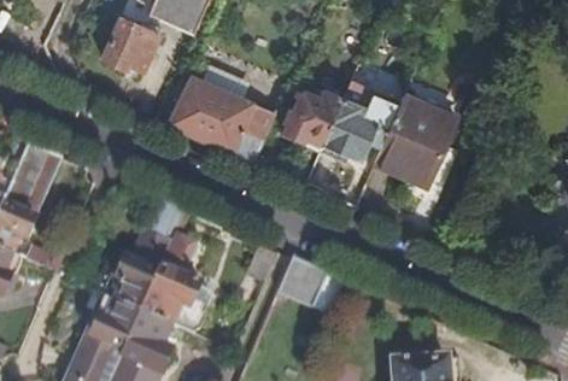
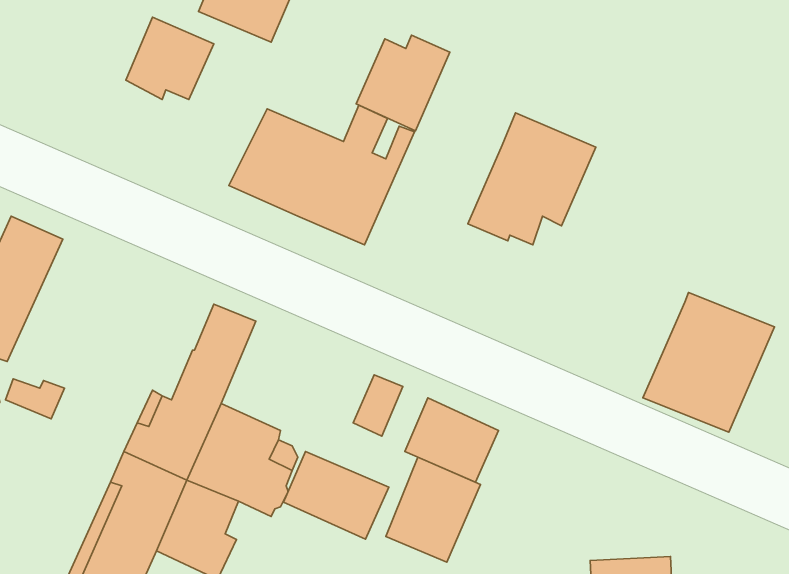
building: [282,88,341,148] -> [356,35,450,131]
building: [374,94,457,182] -> [643,293,775,432]
building: none -> [284,452,389,539]
building: none -> [386,457,481,562]

